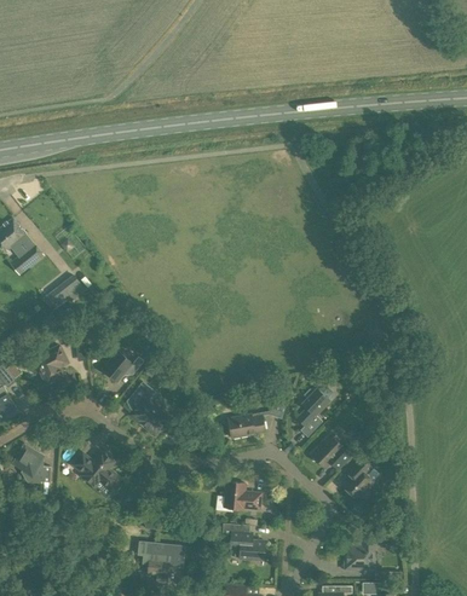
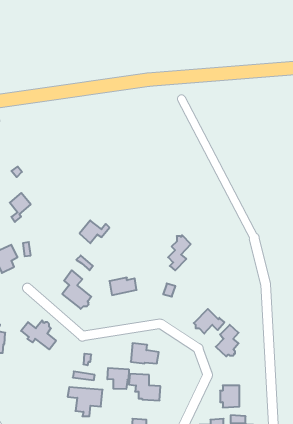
building: [103,351,144,382] -> [80,220,109,243]
building: [298,388,329,436] -> [168,235,191,270]
building: [227,413,265,438] -> [109,278,137,295]
building: none -> [107,368,129,389]

